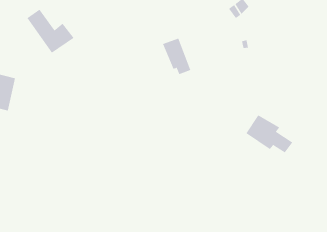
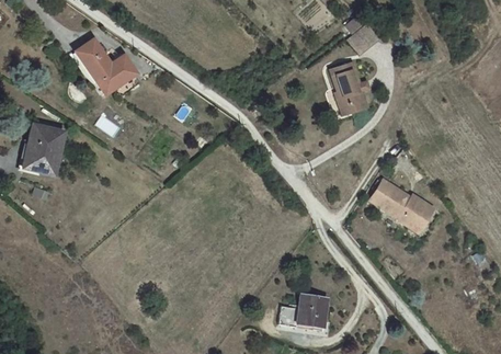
building: [162,38,191,75] -> [324,61,363,111]
building: none -> [275,294,323,329]

